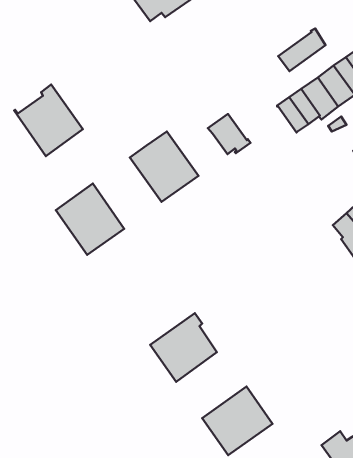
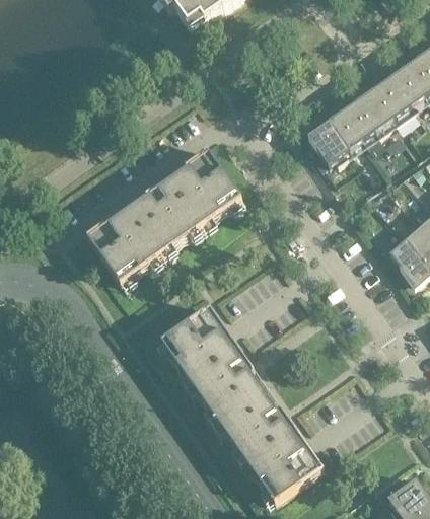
building: [278,29,326,71] -> none
building: [14,85,83,156] -> [127,177,202,255]
building: [208,114,251,154] -> [307,122,354,165]
building: none -> [161,307,238,382]
building: none -> [218,390,295,462]

